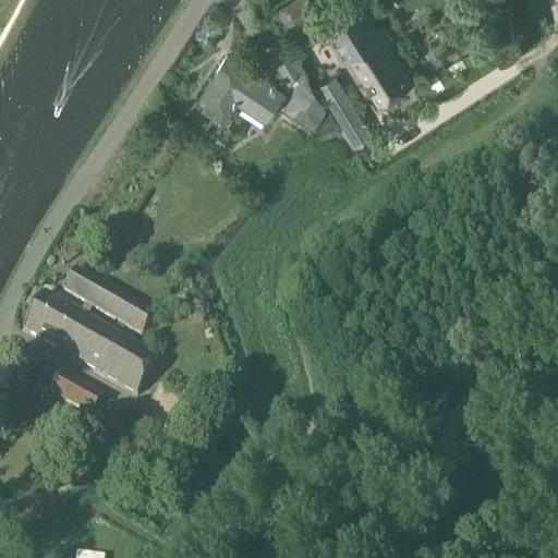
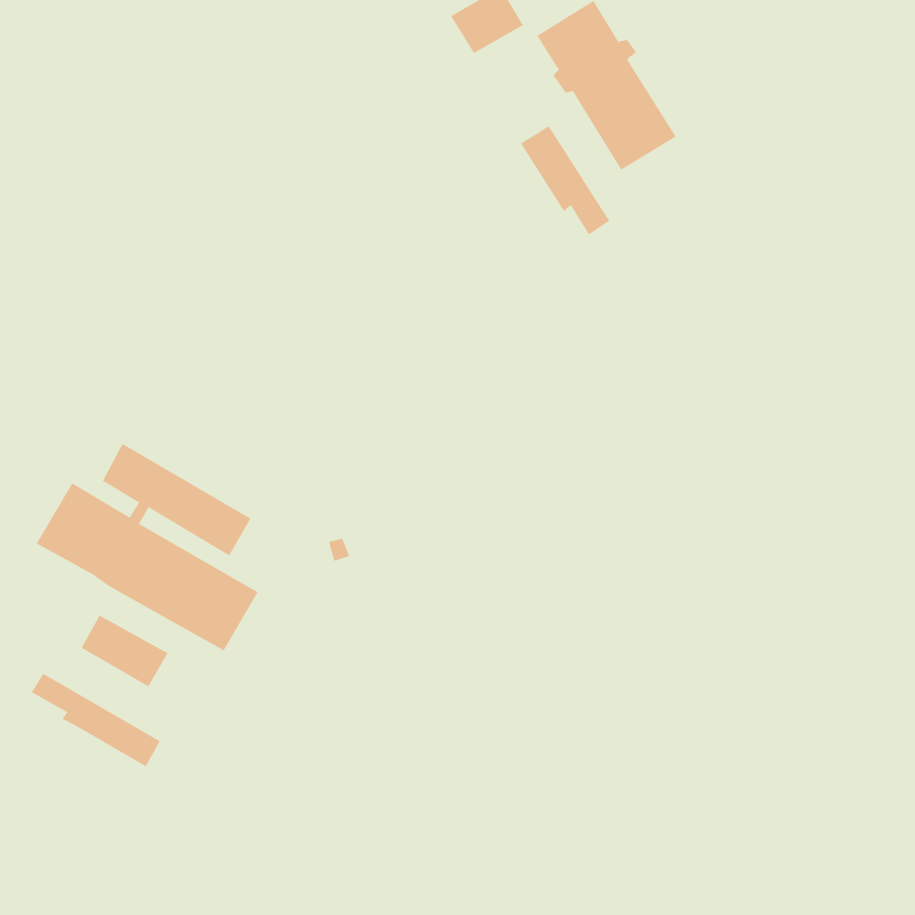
building: [198,44,322,126] -> none
building: none -> [31,673,161,767]

